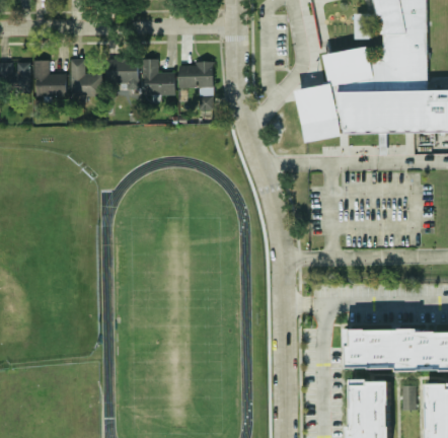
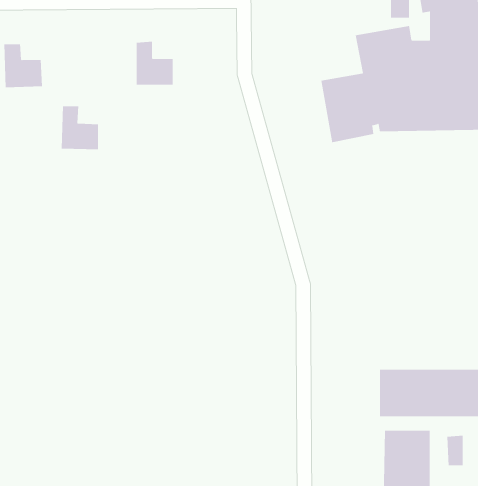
building: [68,59,99,95] -> [61,106,99,150]
building: [105,59,137,88] -> none
building: [176,62,212,110] -> none

